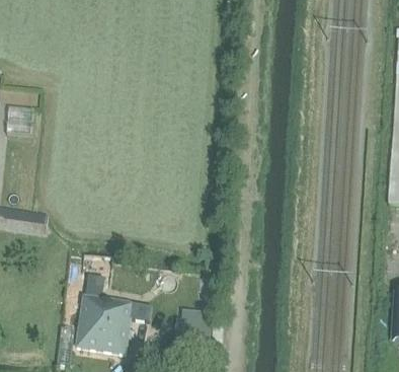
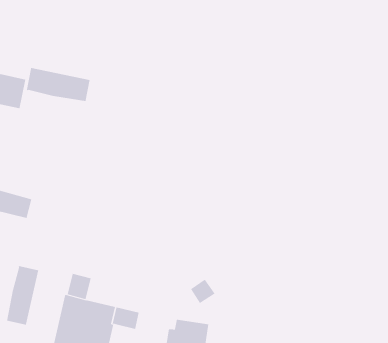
building: none -> [26,67,90,102]
building: none -> [6,265,39,325]

